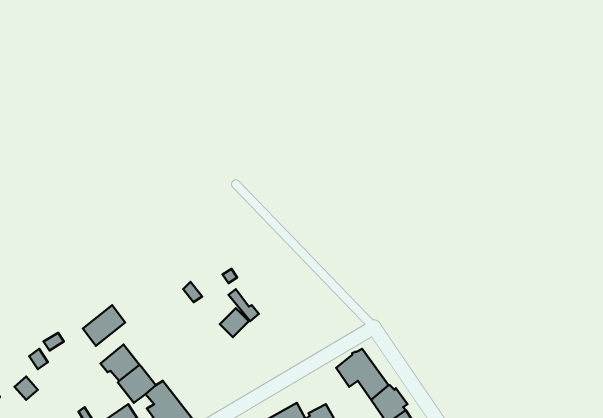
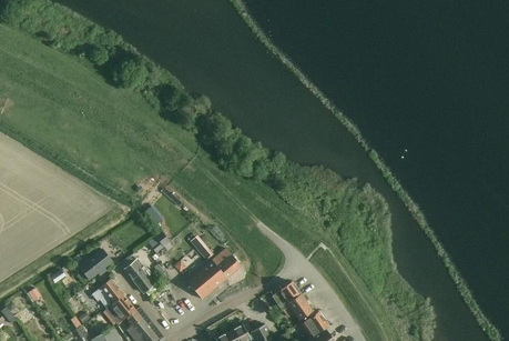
building: none -> [186,255,241,299]
building: none -> [122,260,155,293]

